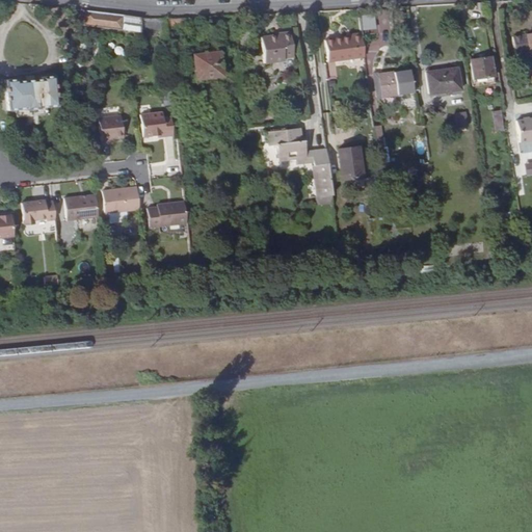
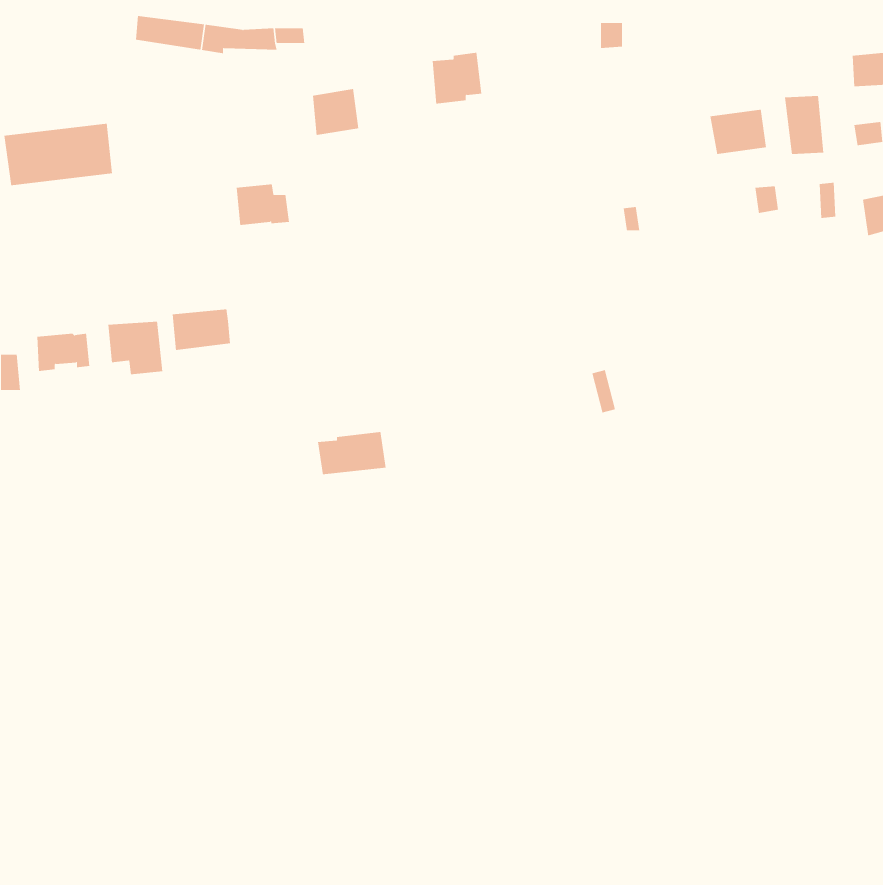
building: [325,35,366,62] -> none
building: [379,69,414,95] -> none
building: [100,115,125,141] -> none
building: [267,130,332,196] -> none
building: [340,145,364,178] -> none
building: [148,200,189,225] -> [317,431,387,475]

